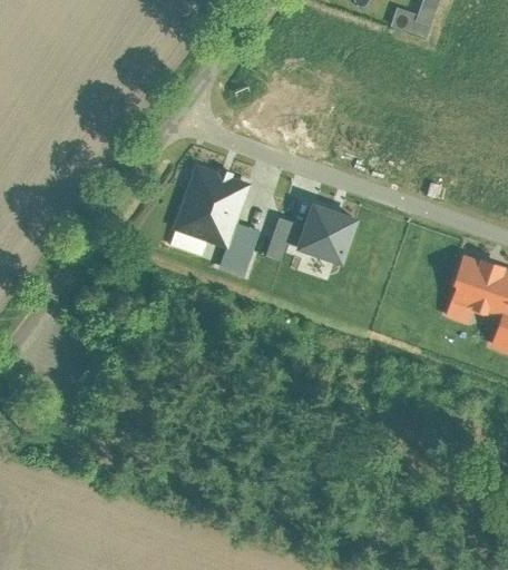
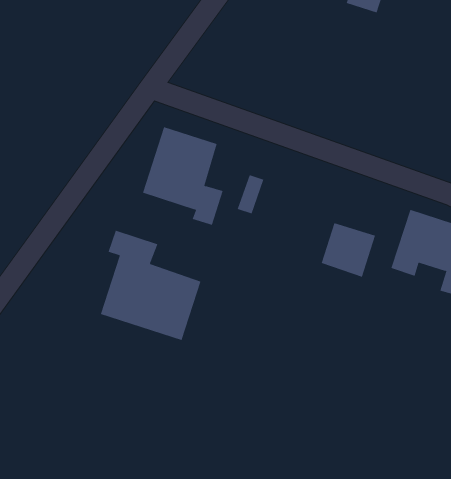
building: [297,205,358,265] -> [321,222,376,277]
building: none -> [100,230,201,341]

